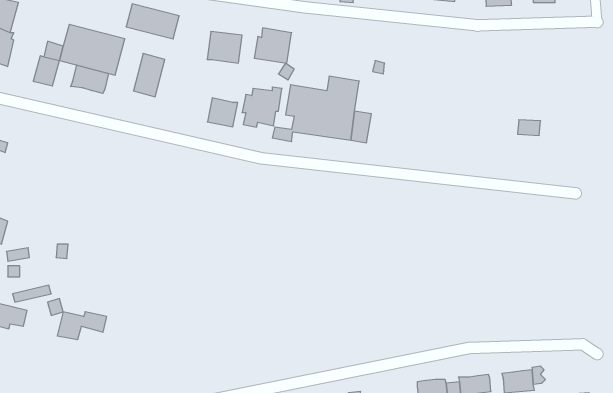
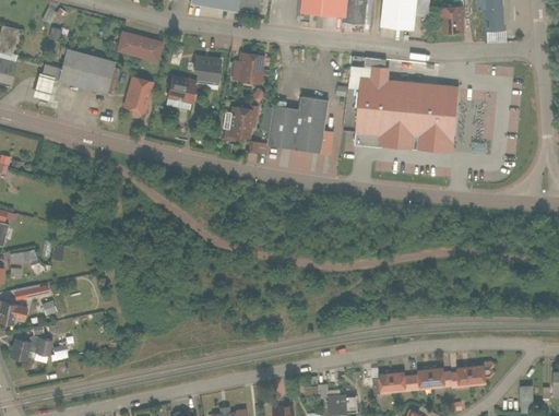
building: none -> [355,69,460,152]
building: [71,65,109,93] -> none
building: [207,98,238,127] -> [167,78,194,104]
building: [57,312,107,340] -> [9,337,53,362]

